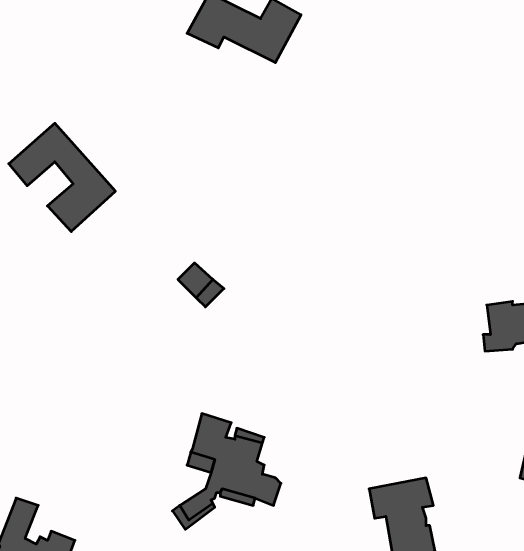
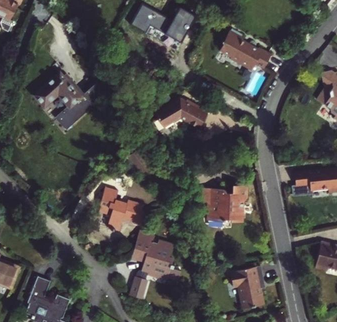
building: none -> [221,30,274,70]
building: none -> [155,98,204,127]
building: none -> [100,187,146,231]
building: none -> [205,192,246,229]

